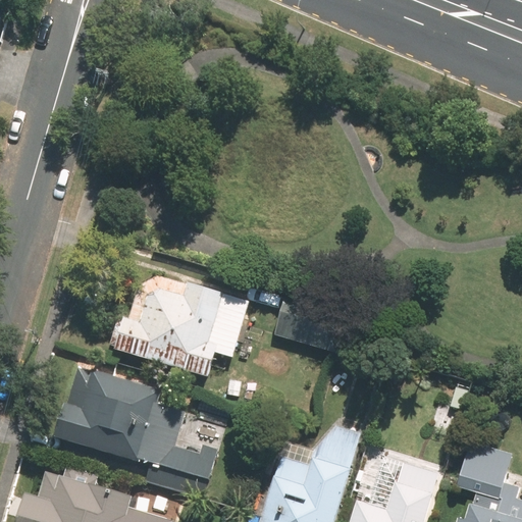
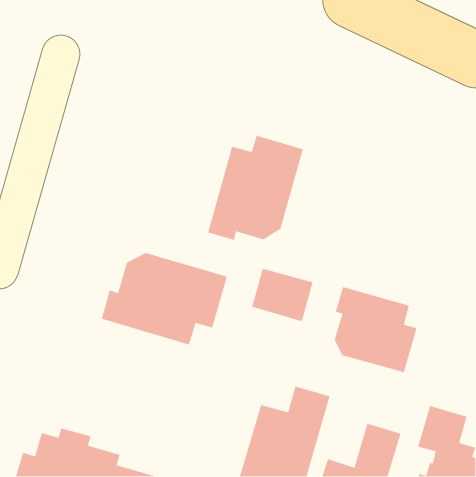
building: none -> [207,135,304,241]
building: none -> [334,286,417,373]
building: [55,366,225,480] -> none

